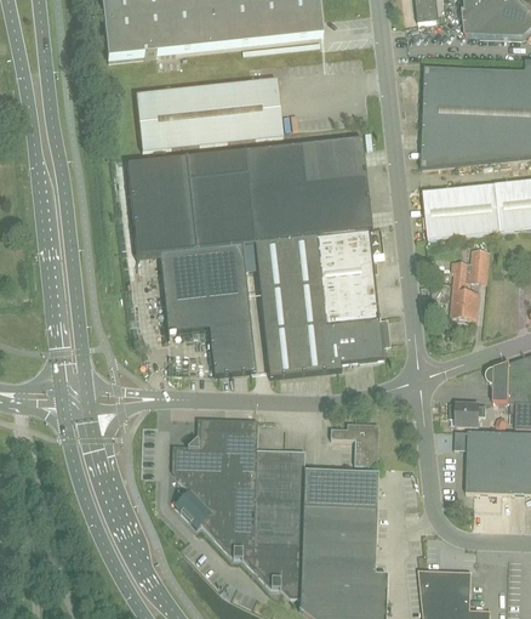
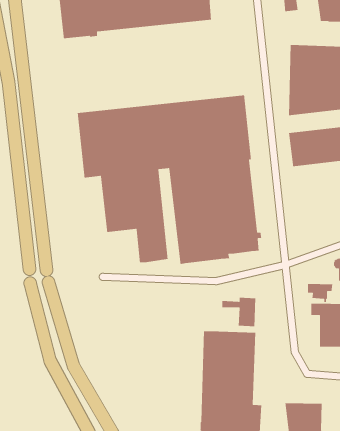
building: [136,78,284,151] -> none
building: [452,248,489,317] -> none
building: [172,418,306,596] -> none

